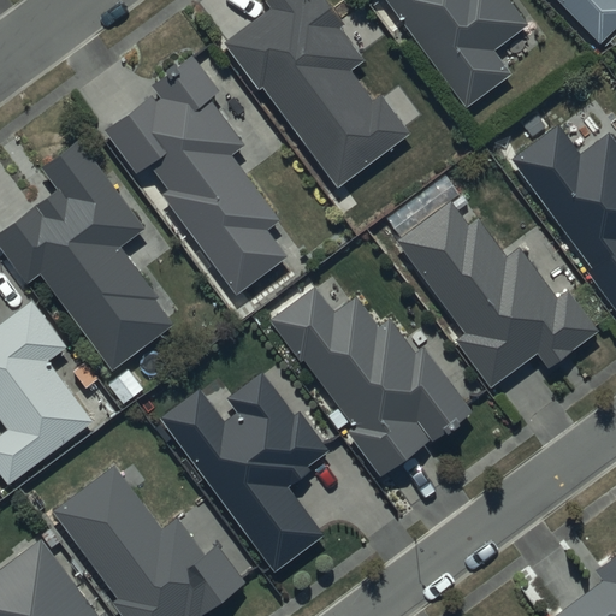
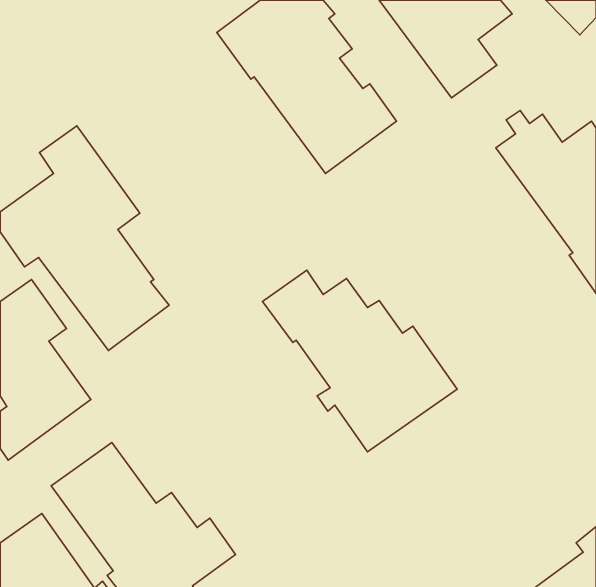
building: [103,54,286,294] -> none
building: [385,179,598,387] -> none
building: [159,372,328,573] -> none

